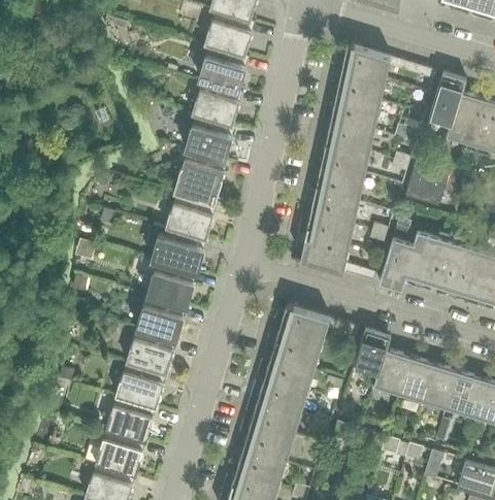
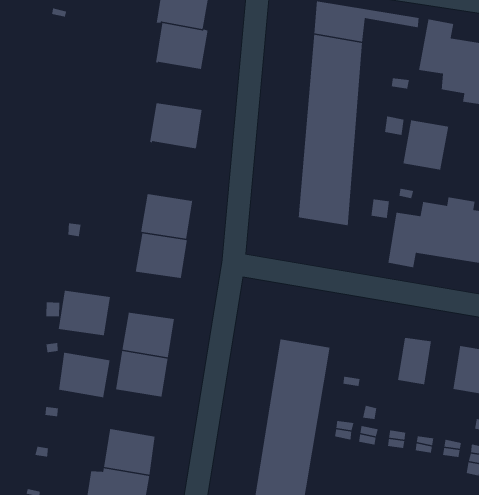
building: [192,80,242,126] -> none
building: [174,149,228,205] -> none
building: [300,233,375,282] -> none
building: [146,262,197,307] -> [58,290,111,336]
building: [276,305,359,351] -> none
building: [354,330,390,388] -> none
building: [398,357,433,402] -> none
building: [117,363,166,408] -> [58,352,110,398]

